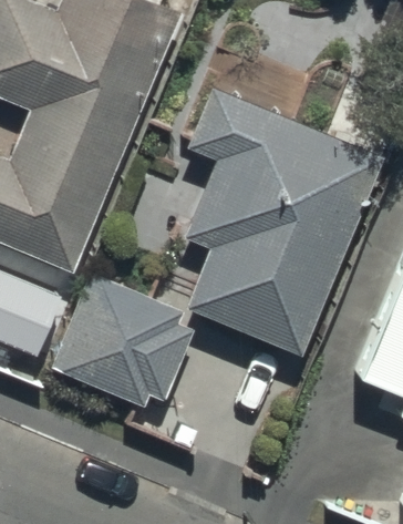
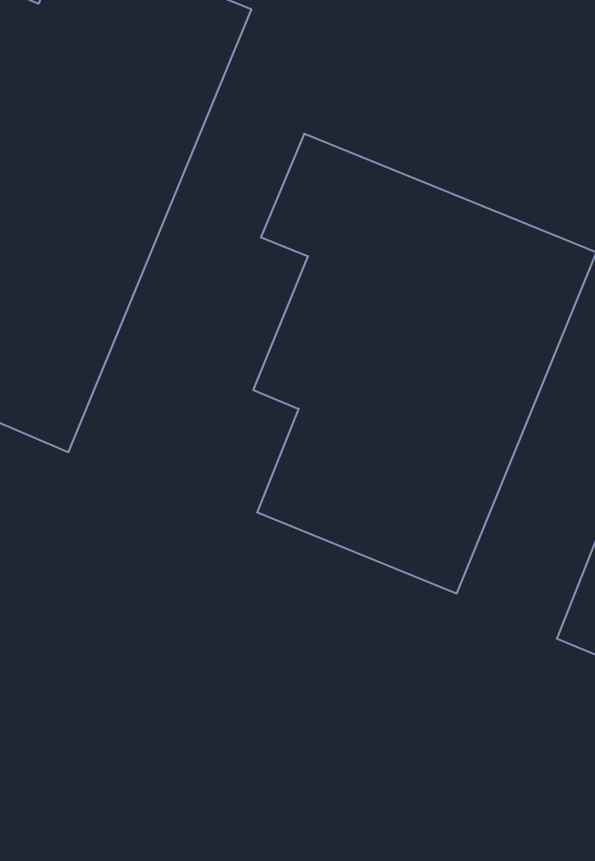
building: [50,270,196,408] -> none

